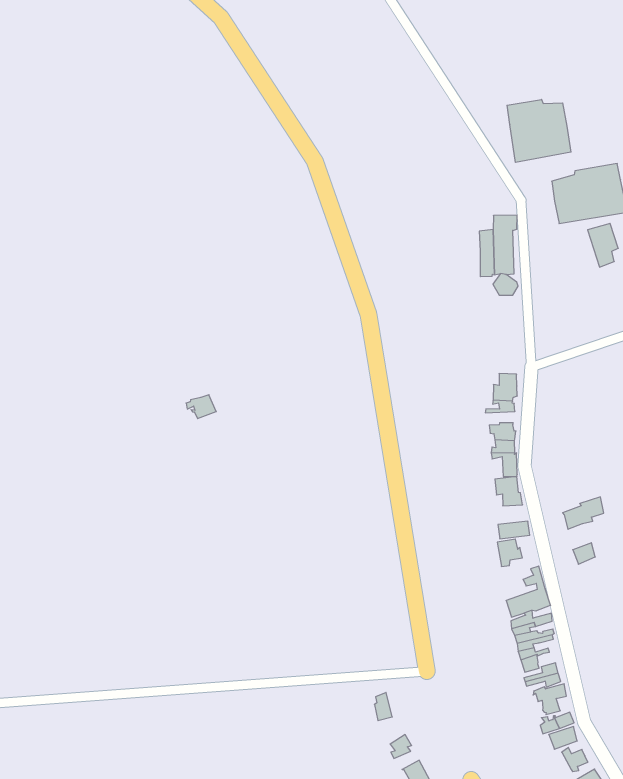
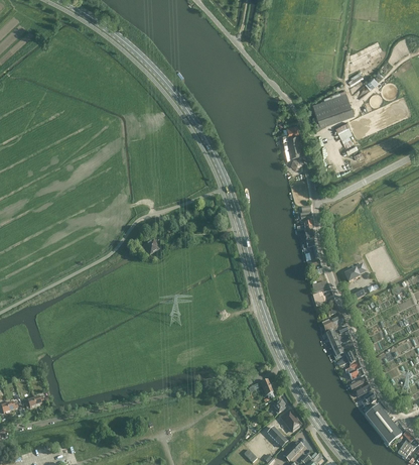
building: [507,99,571,162] -> none

